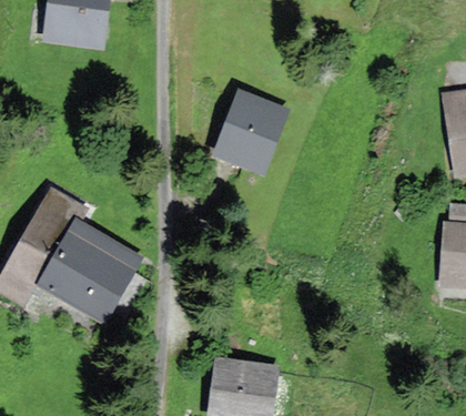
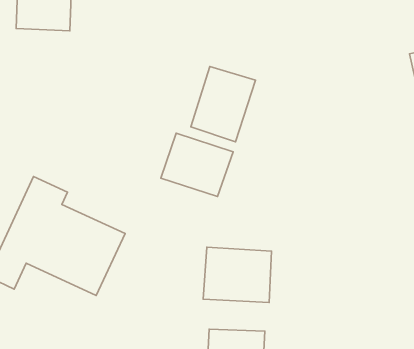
building: none -> [161,133,233,197]
building: none -> [203,247,272,302]

